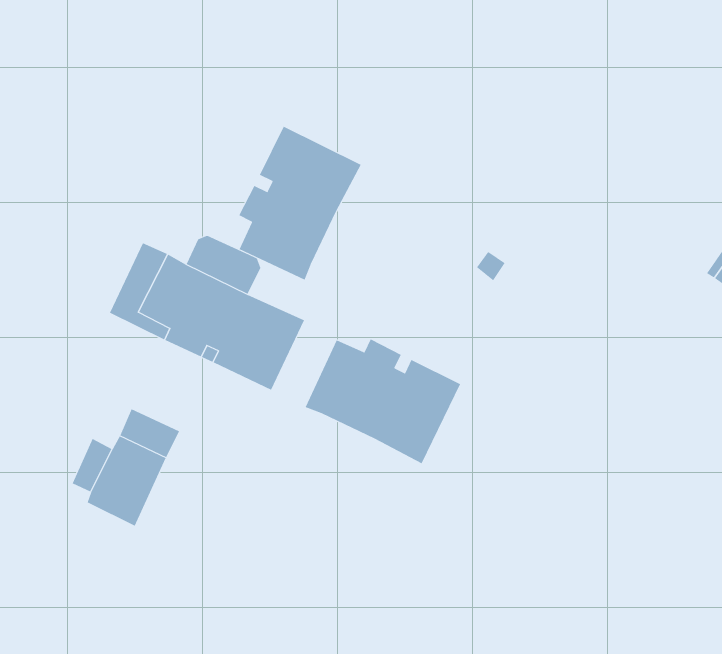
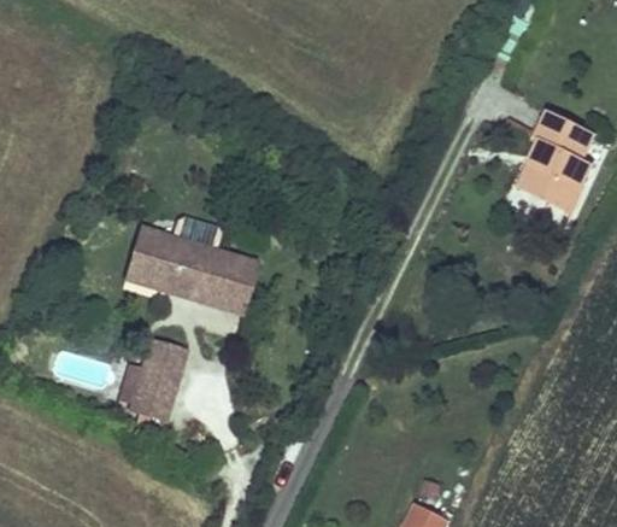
building: [238,126,361,280] -> none
building: [305,339,461,464] -> none

